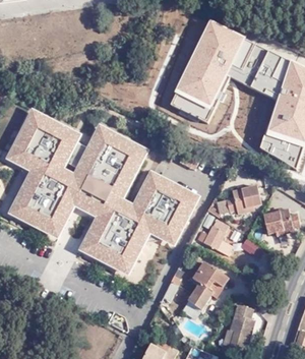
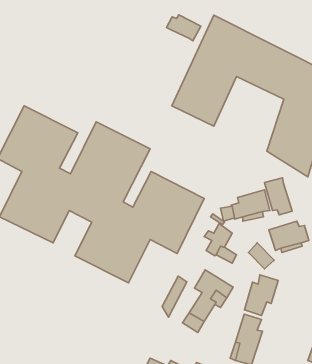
building: none -> [167,15,201,41]
building: none -> [265,178,292,215]
building: none -> [245,275,278,316]

